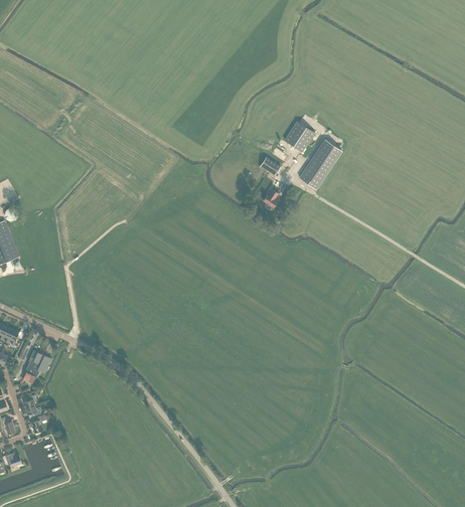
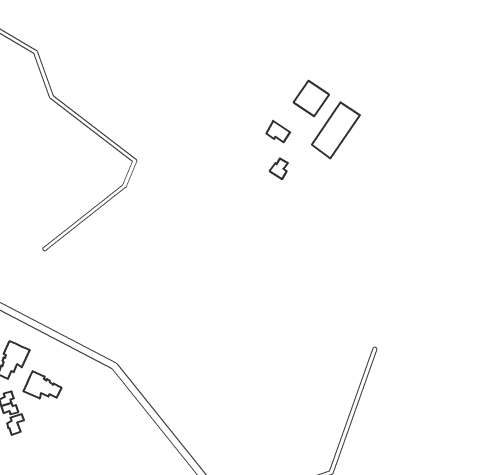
building: none -> [23,371,61,399]

